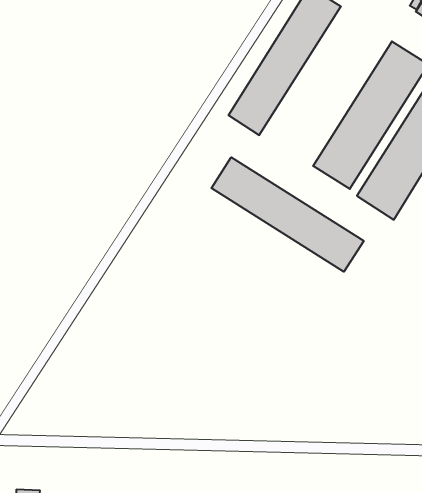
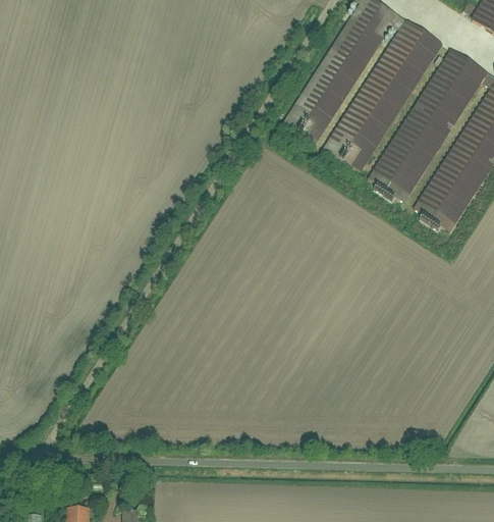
building: none -> [324,19,442,170]
building: [211,157,364,272] -> none

